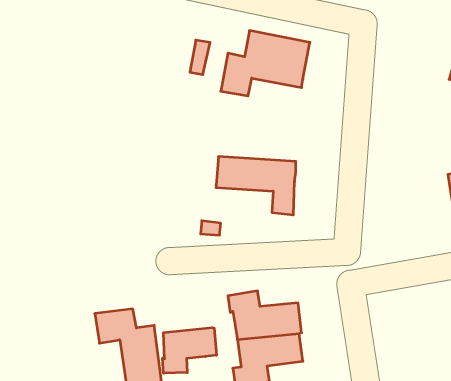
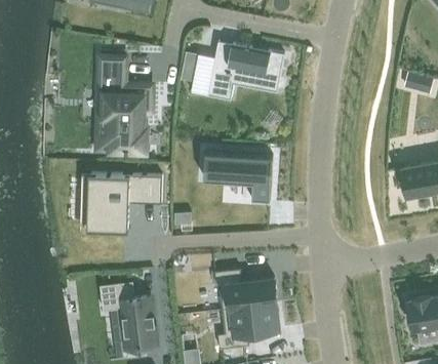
building: none -> [96,57,152,151]
building: none -> [85,173,161,232]
building: [163,328,216,373] -> none

